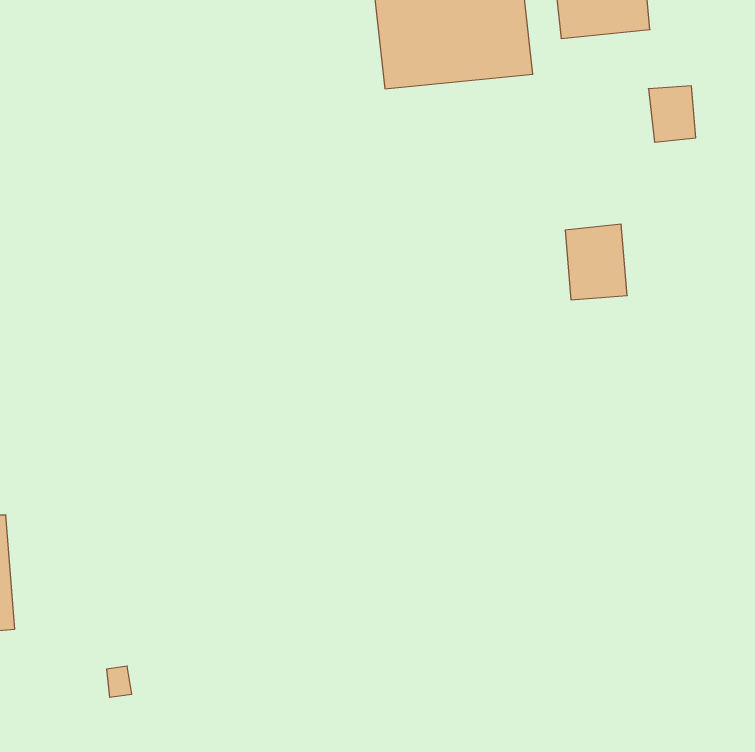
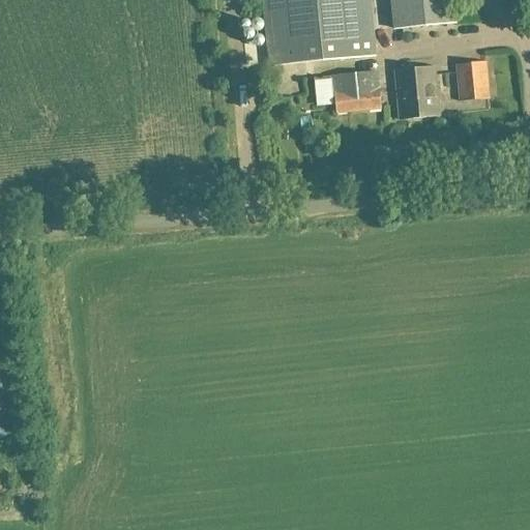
building: none -> [330,70,378,111]
building: [565,224,627,300] -> [393,64,437,117]

